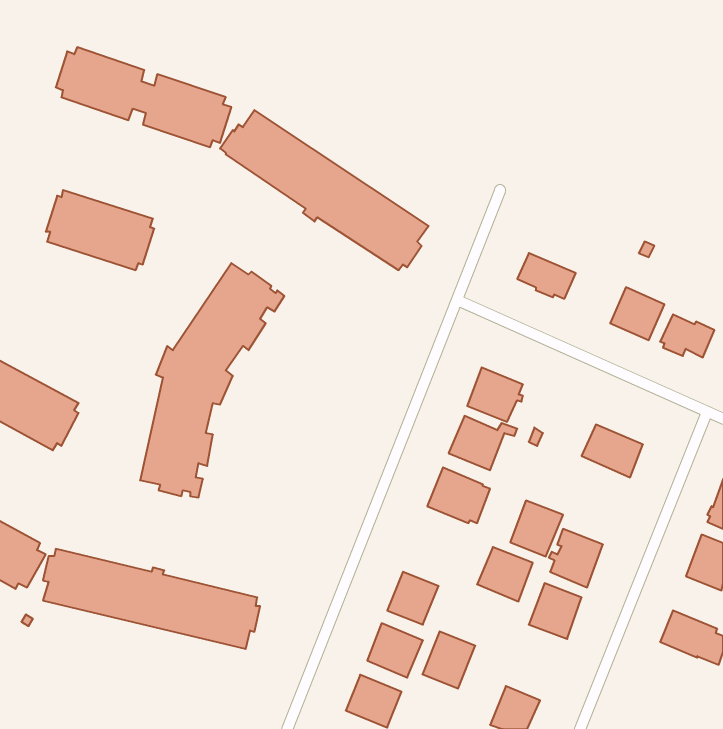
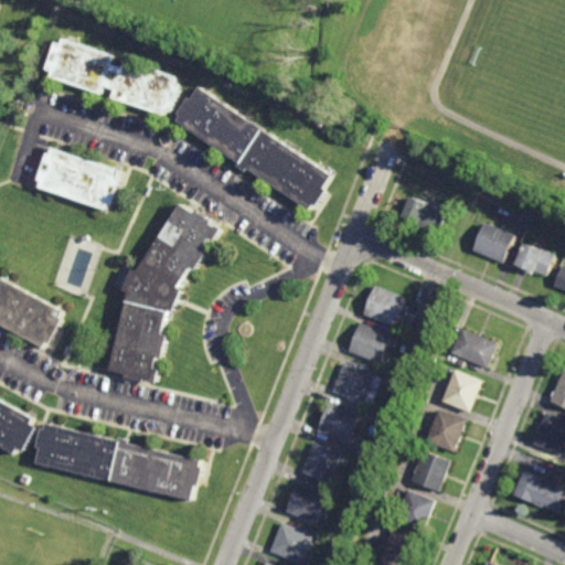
building: [510,501,563,556] -> [441,370,482,413]
building: [477,547,533,601] -> [315,402,358,444]
building: [422,631,475,689] -> [394,489,435,533]

